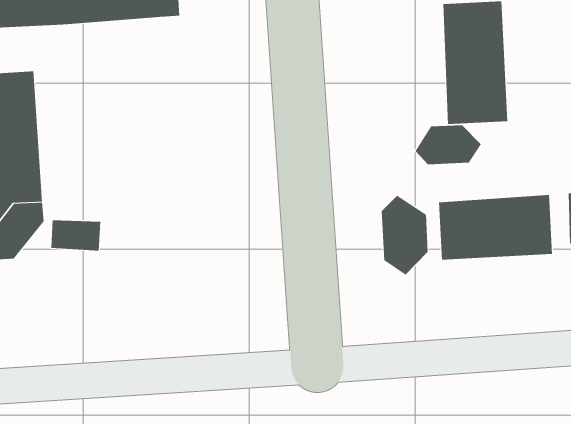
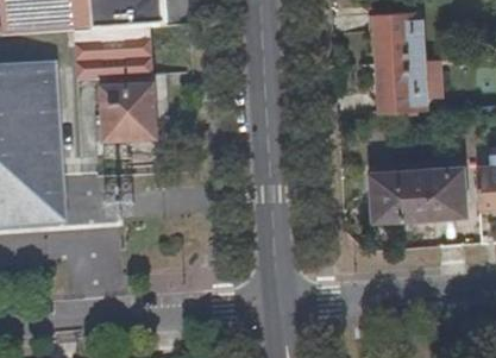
building: none -> [73,26,157,156]
building: [415,124,482,165] -> none
building: [381,195,428,276] -> none

